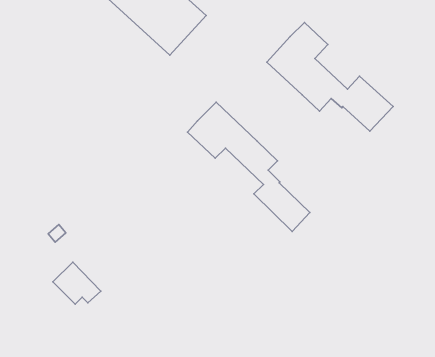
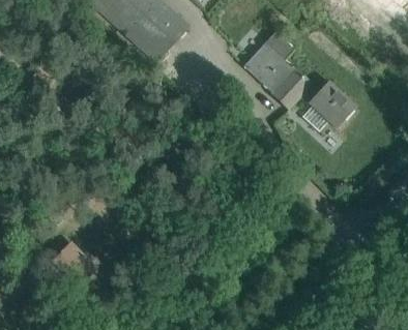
building: [188,102,310,231] -> none

